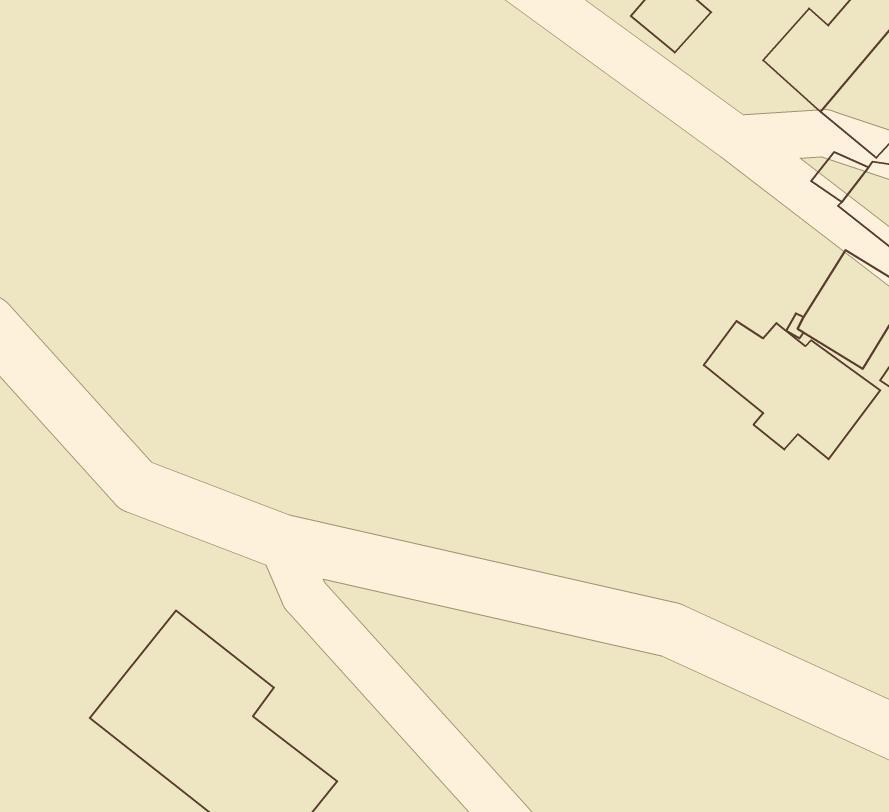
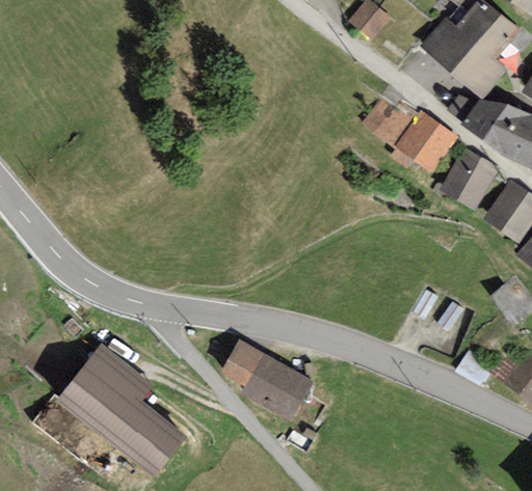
building: [704,321,880,459] -> [363,99,458,173]
building: none -> [220,339,316,421]

